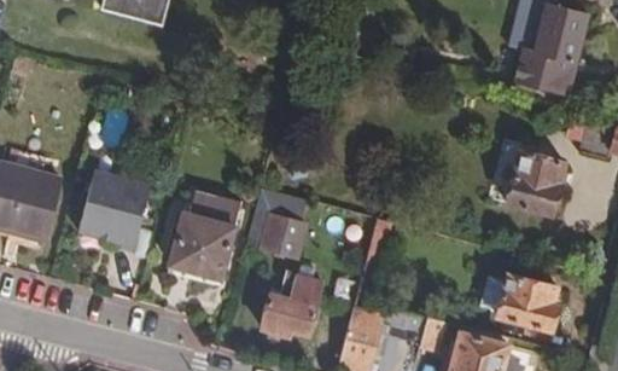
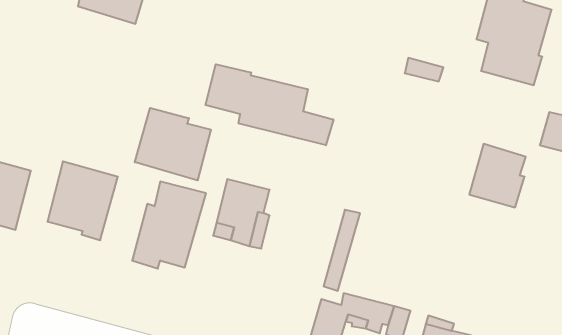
building: none -> [205,64,333,145]
building: none -> [135,108,211,180]
building: [264,274,325,335] -> none
building: [499,274,564,331] -> none

